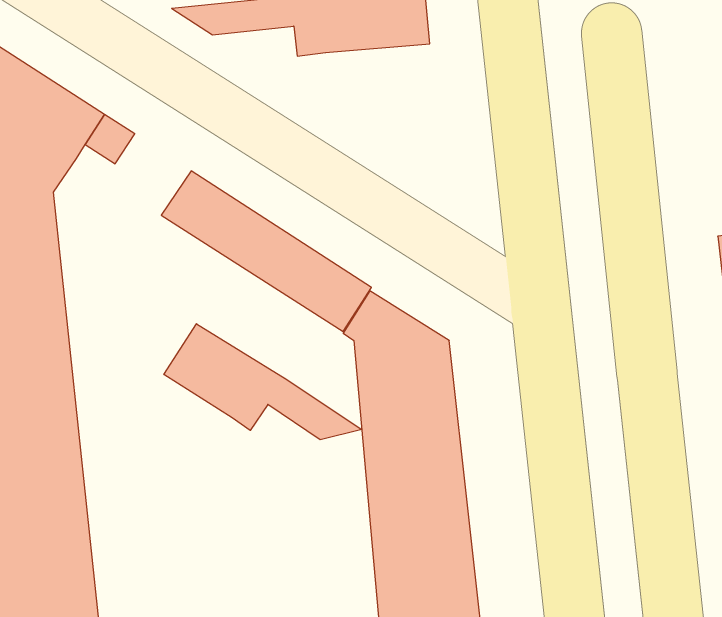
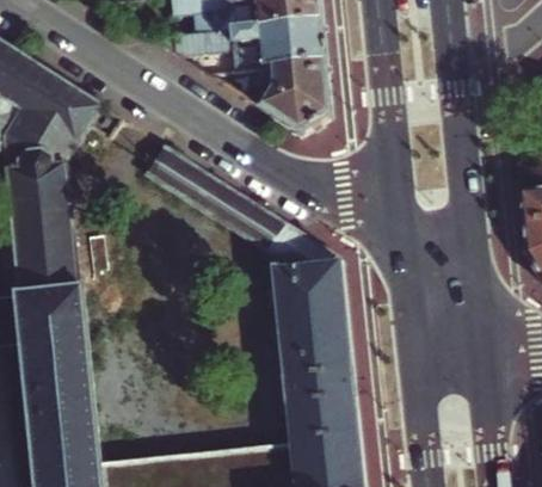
building: none -> [253,57,329,129]
building: [164,324,362,440] -> none

